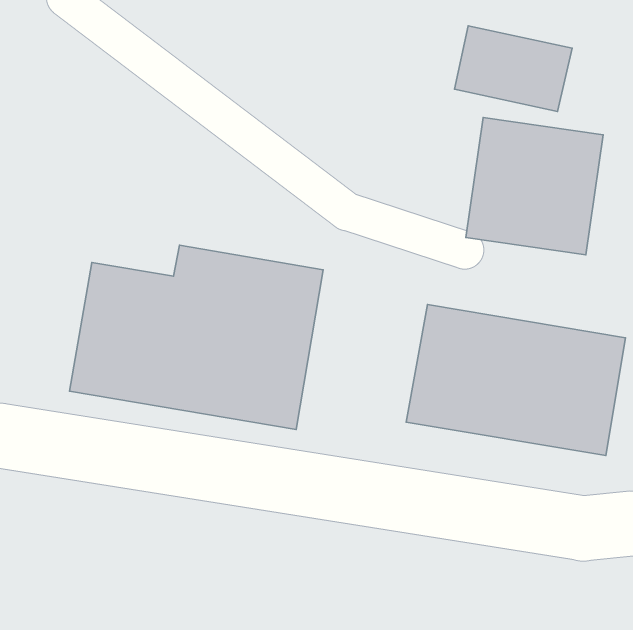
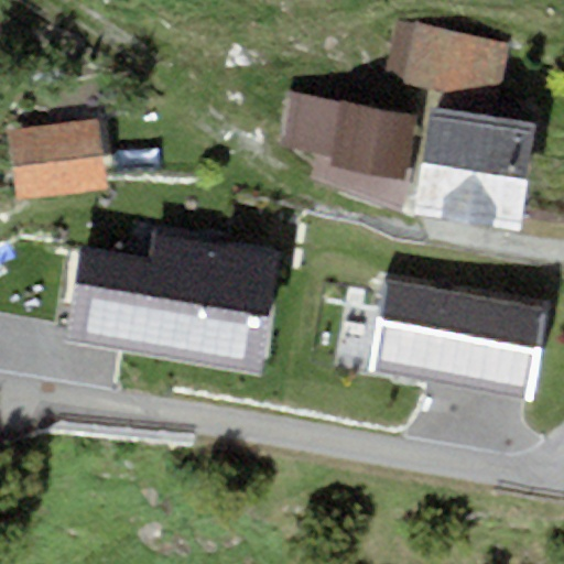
building: none -> [276,89,412,209]
building: none -> [9,117,108,196]

